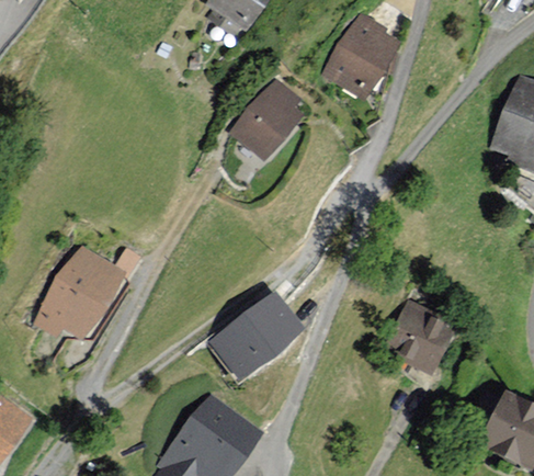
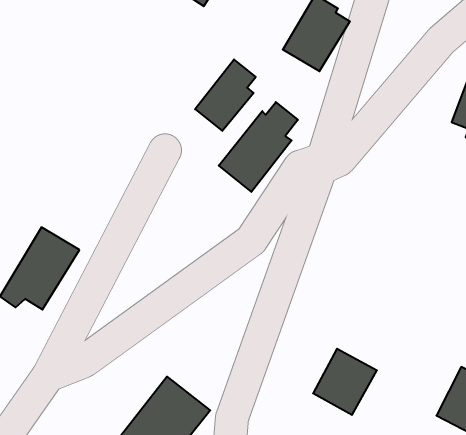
building: none -> [219,102,298,192]
building: [215,295,299,373] -> none
building: [388,303,453,370] -> [313,349,377,415]

